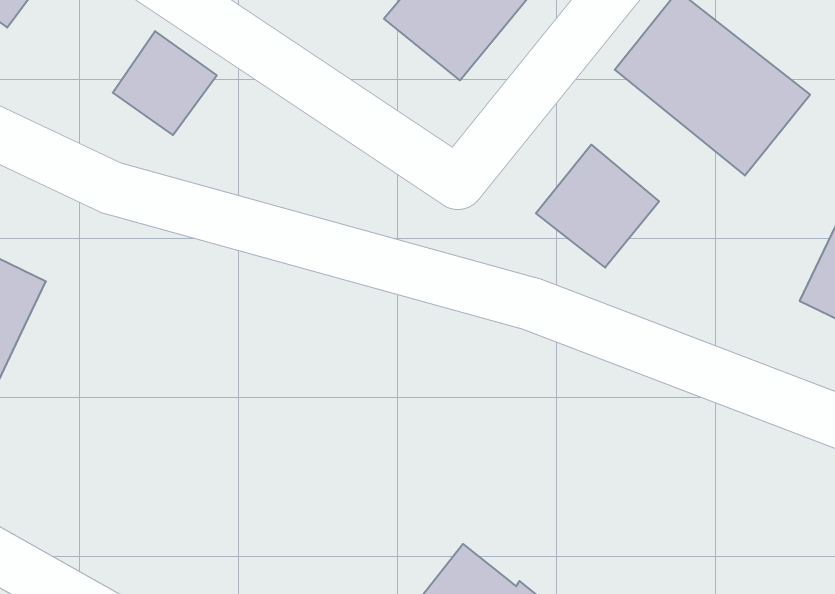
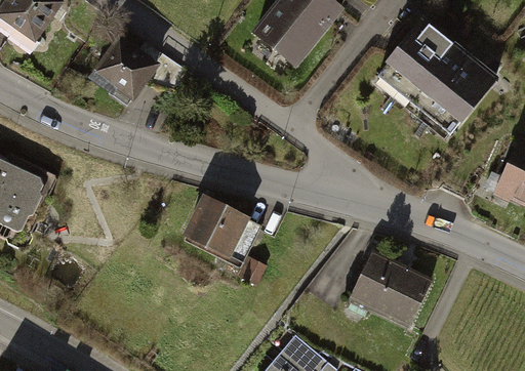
building: [536,145,659,268] -> none
building: none -> [181,198,258,267]
building: none -> [349,253,432,328]

